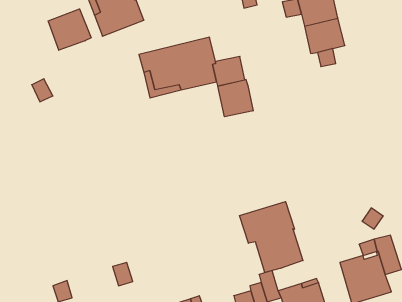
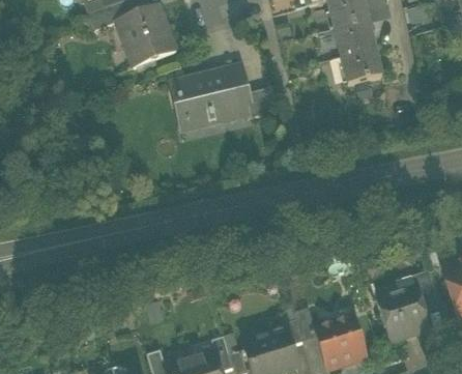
building: [48,9,91,50] -> none
building: [218,79,253,117] -> none
building: [240,202,303,272] -> none

